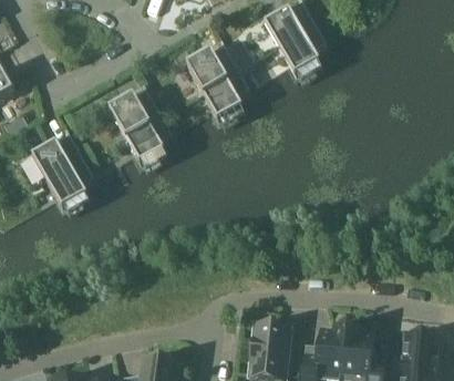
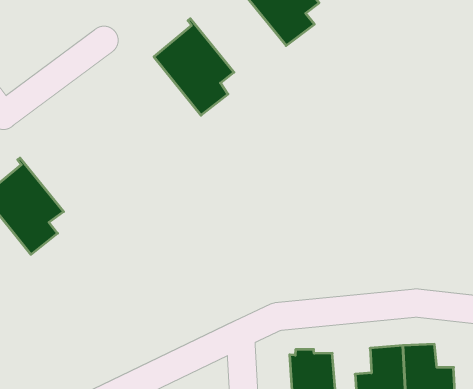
building: [109,85,171,164] -> none

